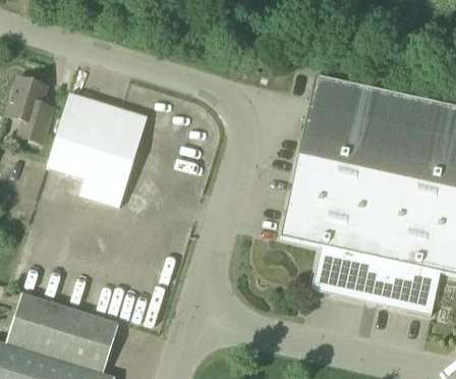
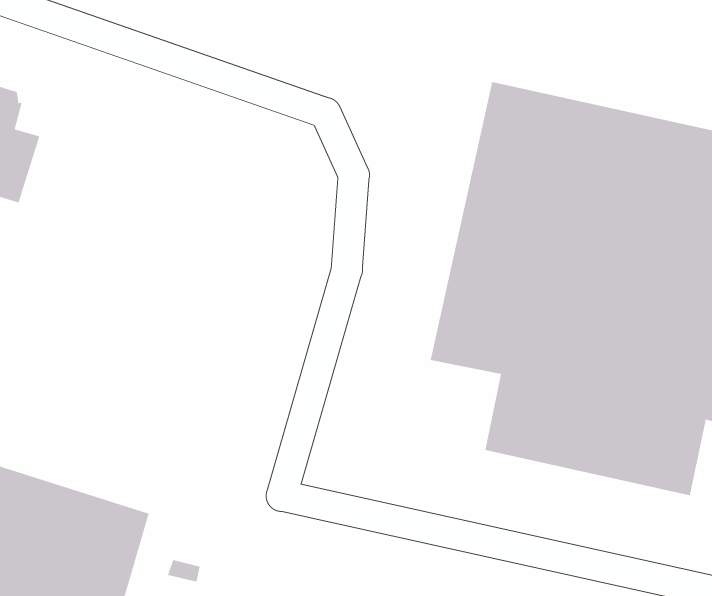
building: [47,92,148,208] -> none

